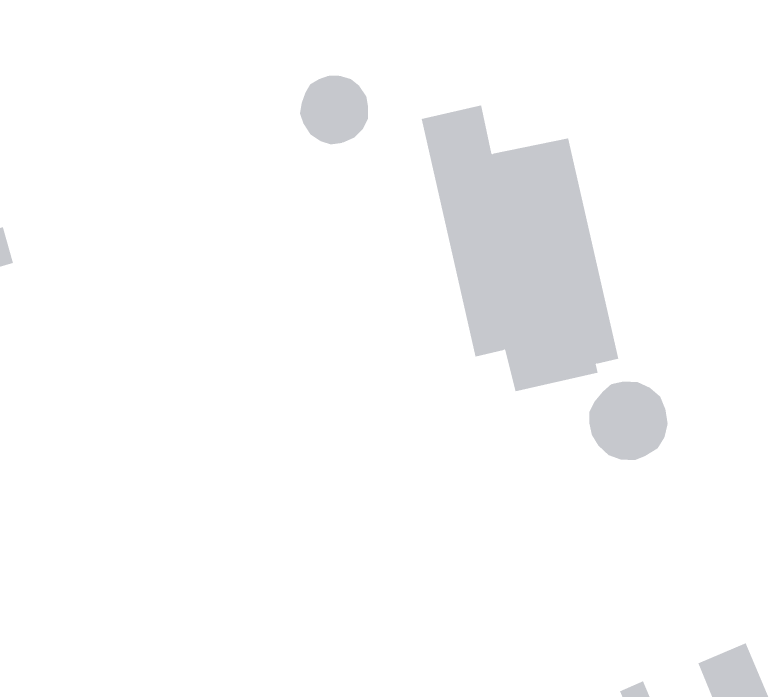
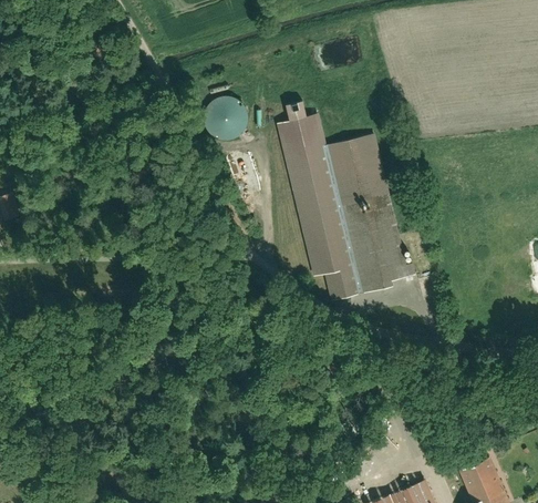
building: [589,381,668,461] -> none

